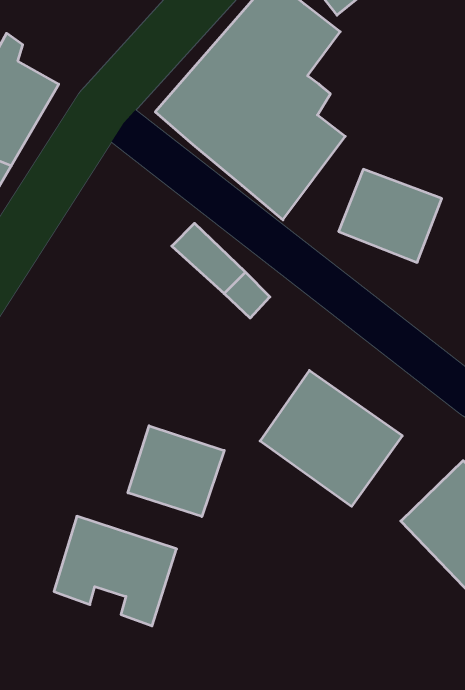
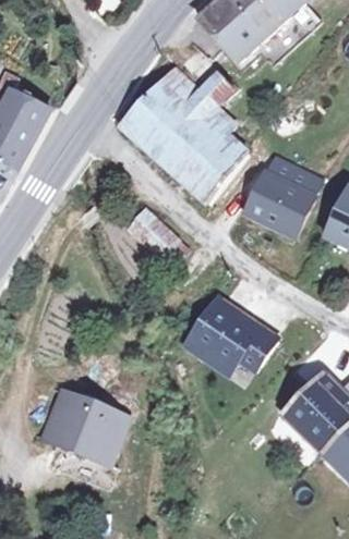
building: [128,426,224,517] -> none

